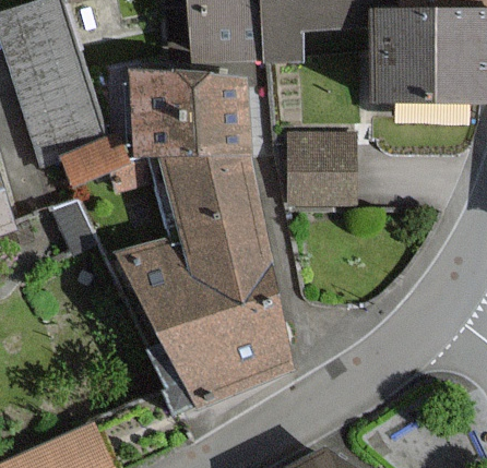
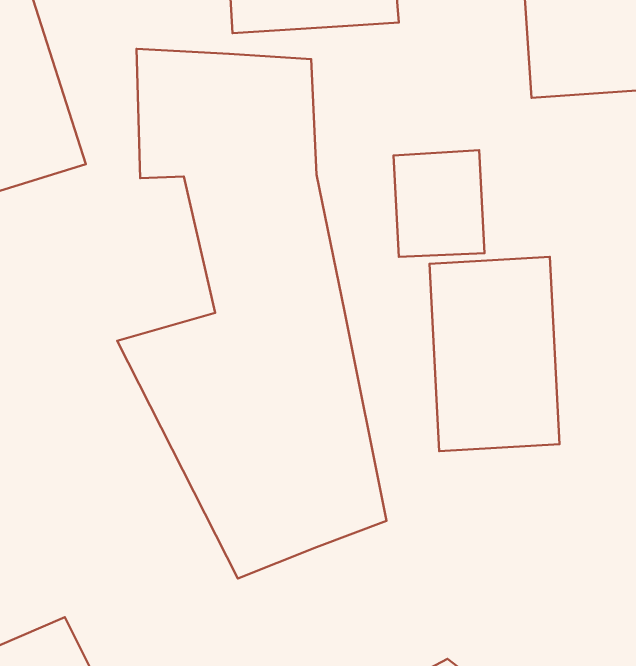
building: none -> [430,257,559,451]

